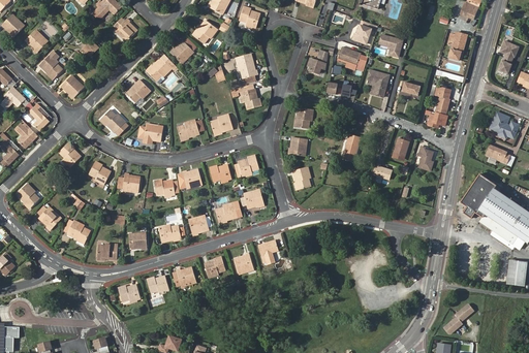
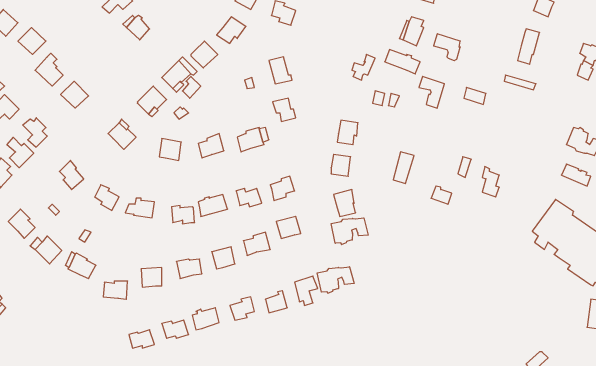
building: [427,86,449,128] -> none
building: none -> [331,218,368,245]
building: none -> [317,267,354,293]

